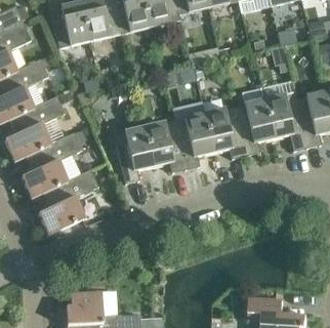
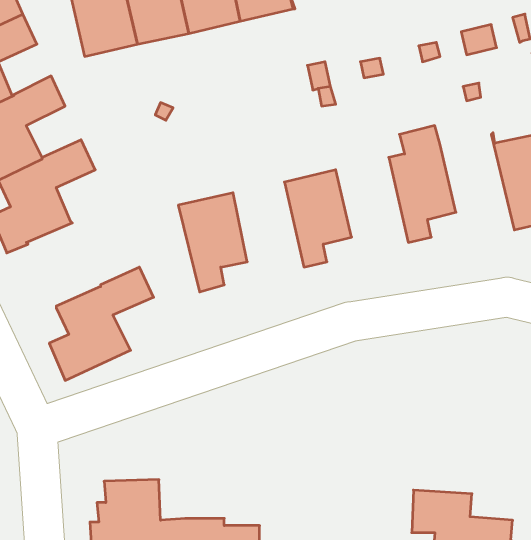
building: [261,80,307,151] -> none
building: [204,106,246,159] -> none
building: [145,120,185,172] -> none
building: [20,129,86,198] -> none

